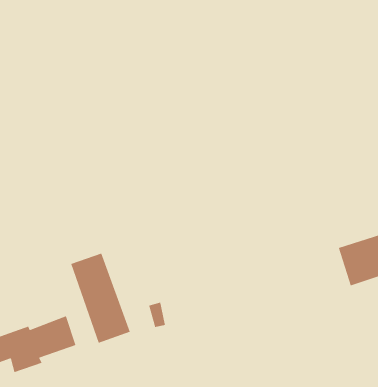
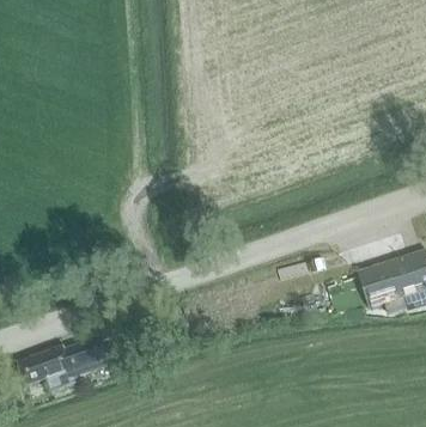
building: [70,253,131,344] -> none

